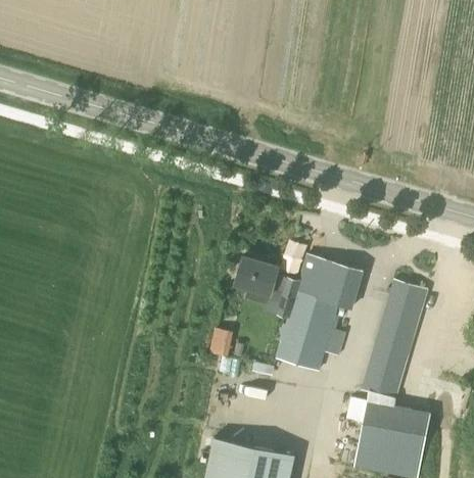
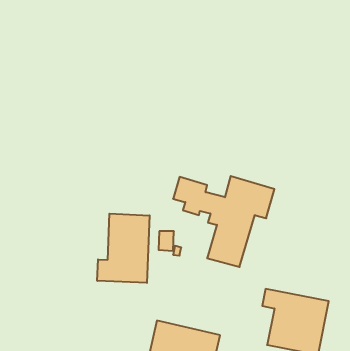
building: [362,279,428,399] -> none
building: none -> [97,214,150,283]

